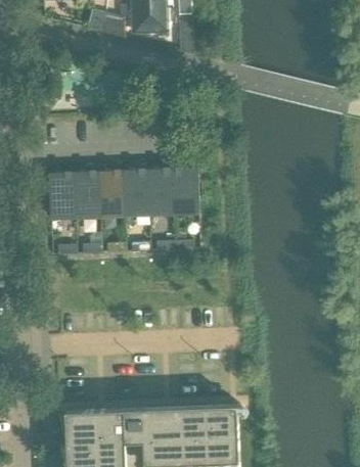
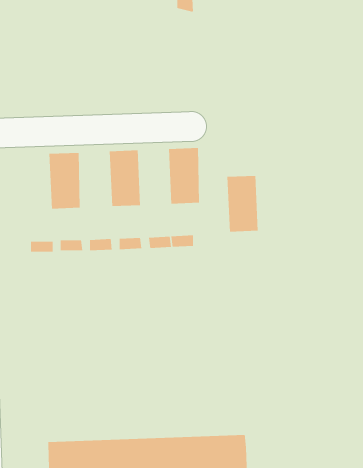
building: [146,168,173,215] -> [227,175,259,232]
building: [97,170,124,217] -> none
building: [47,172,74,219] -> none

